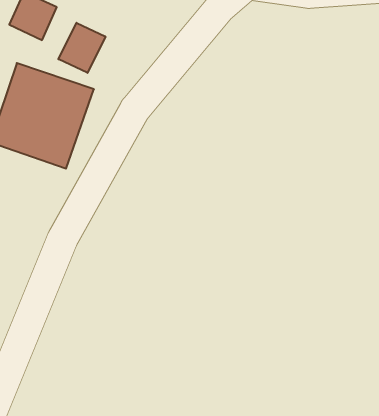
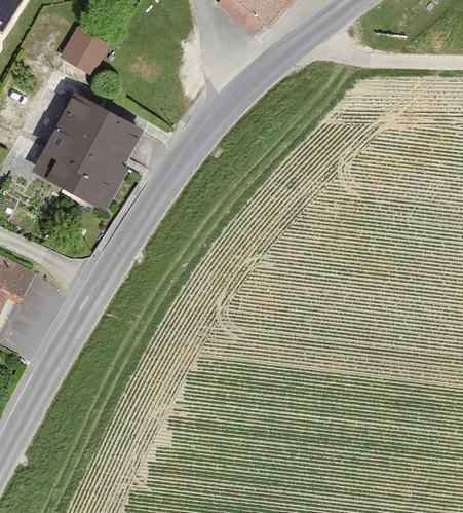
building: [58,23,105,73] -> none

